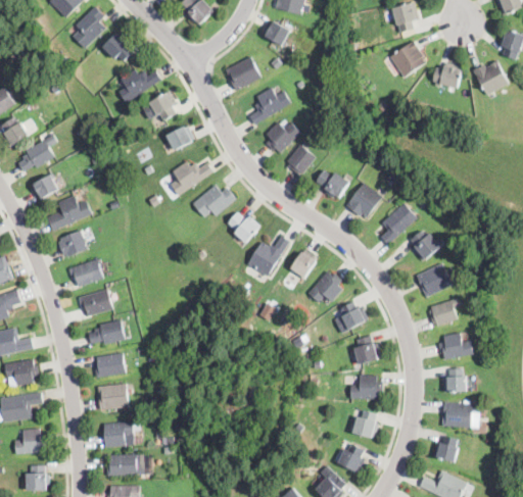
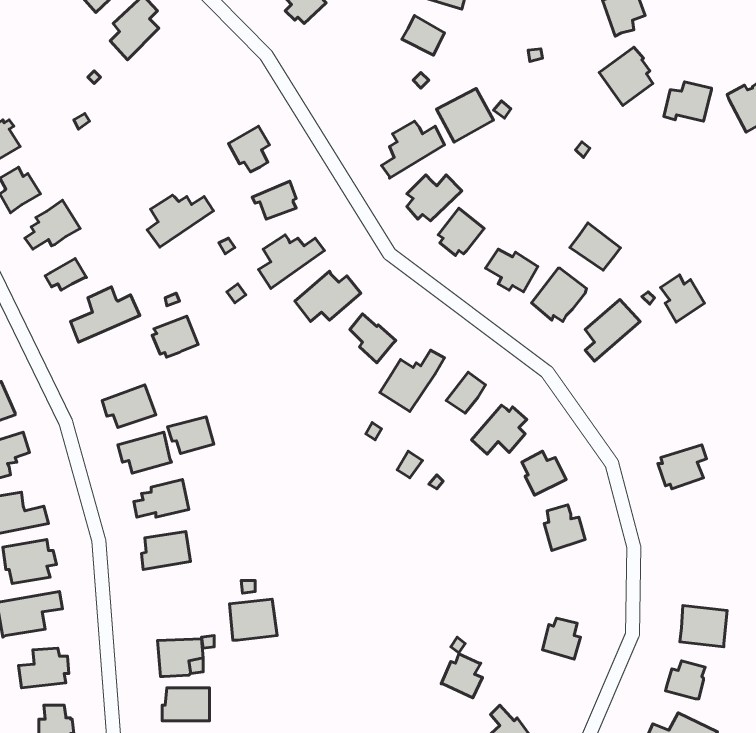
building: [102,33,133,61] -> none
building: [225,56,262,91] -> [437,89,493,142]
building: [118,69,161,103] -> [147,195,214,247]
building: none -> [570,223,620,270]
building: [58,231,88,257] -> [152,316,198,357]
building: [411,231,439,261] -> [660,275,705,322]
building: [417,263,453,297] -> none
building: none -> [168,417,214,453]
building: [438,332,473,359] -> none
building: [443,367,468,393] -> none
building: [350,375,383,399] -> none
building: [98,383,129,409] -> [230,599,277,640]
building: [339,444,366,473] -> [441,654,482,698]

